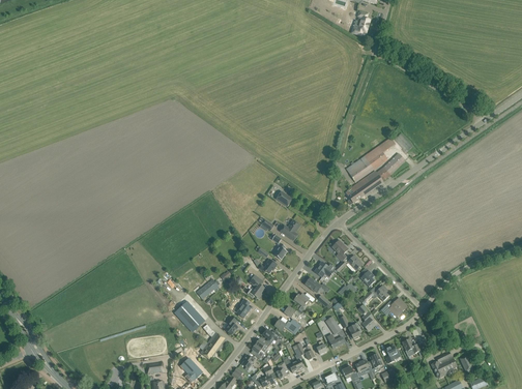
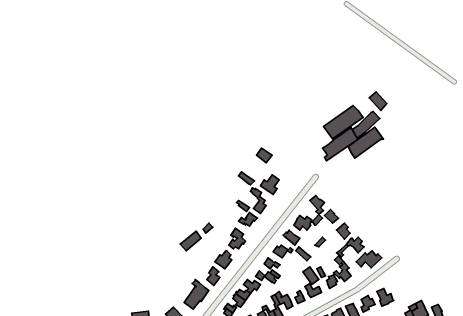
building: none -> [348,127,383,158]
building: [176,300,204,330] -> none

